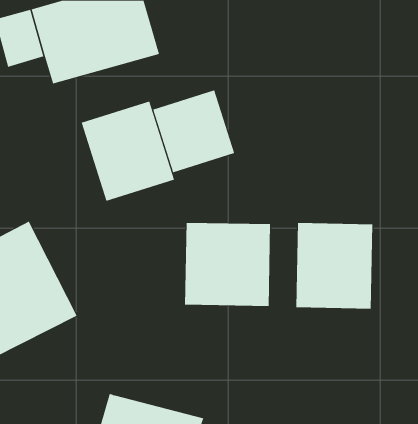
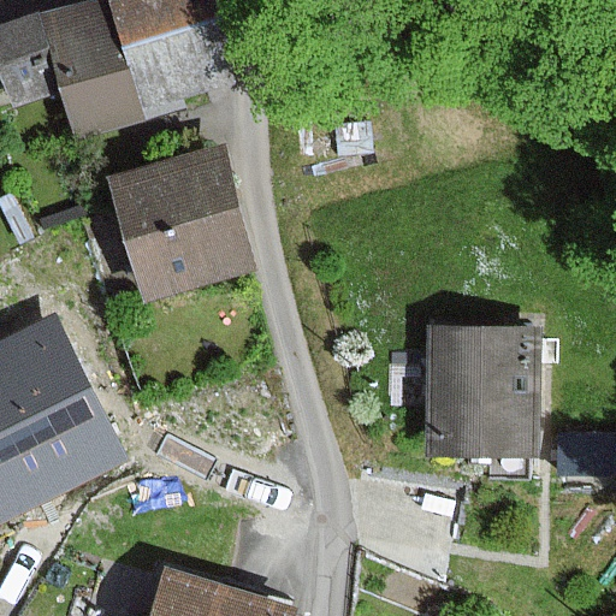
building: [152,89,235,173] -> none
building: [184,222,271,307] -> none

